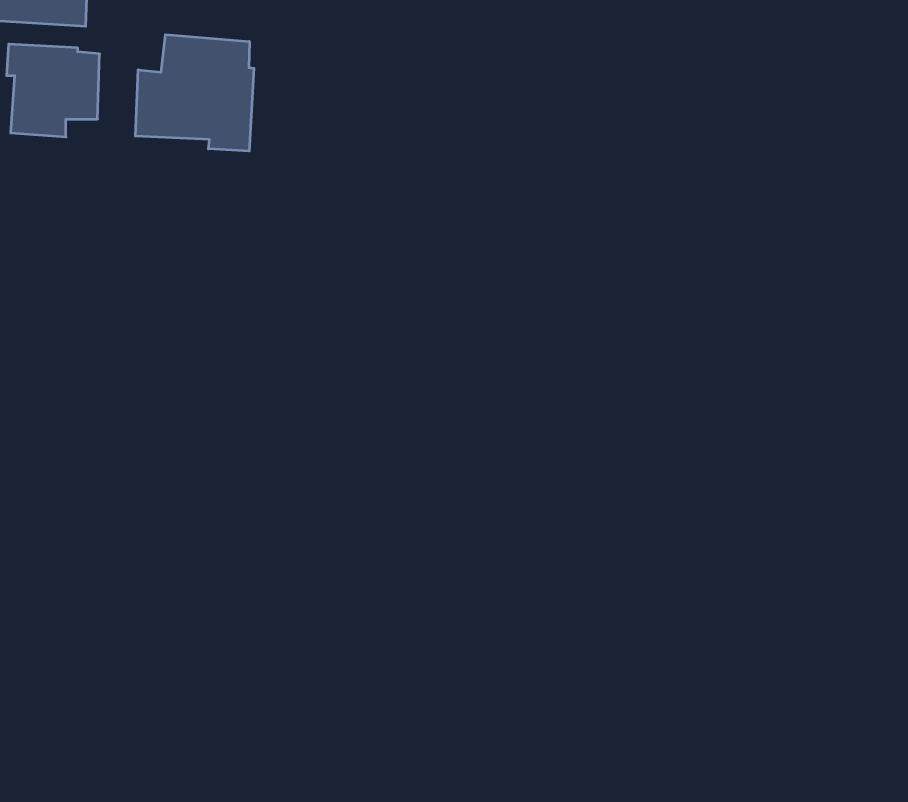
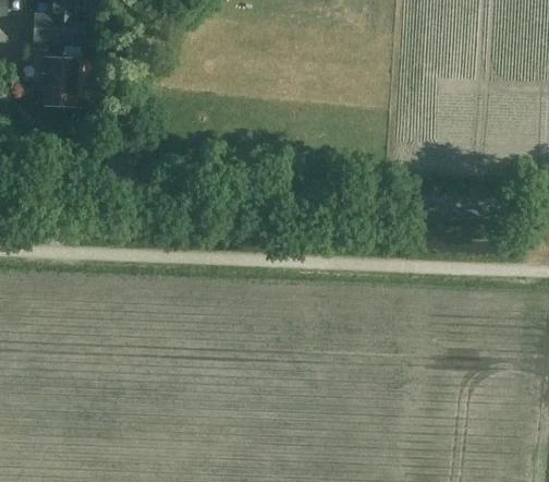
building: [135,35,254,151] -> none

